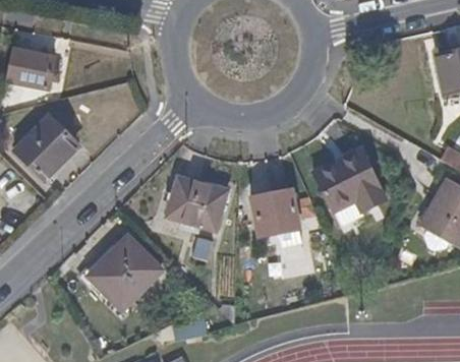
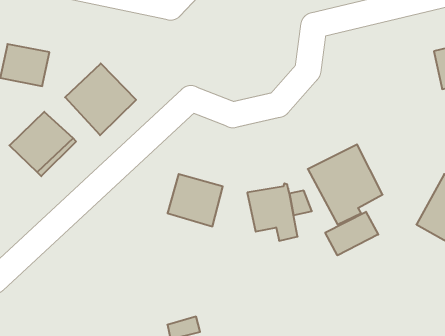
building: none -> [65,63,136,135]
building: none -> [325,212,378,255]
building: [88,237,161,308] -> none

